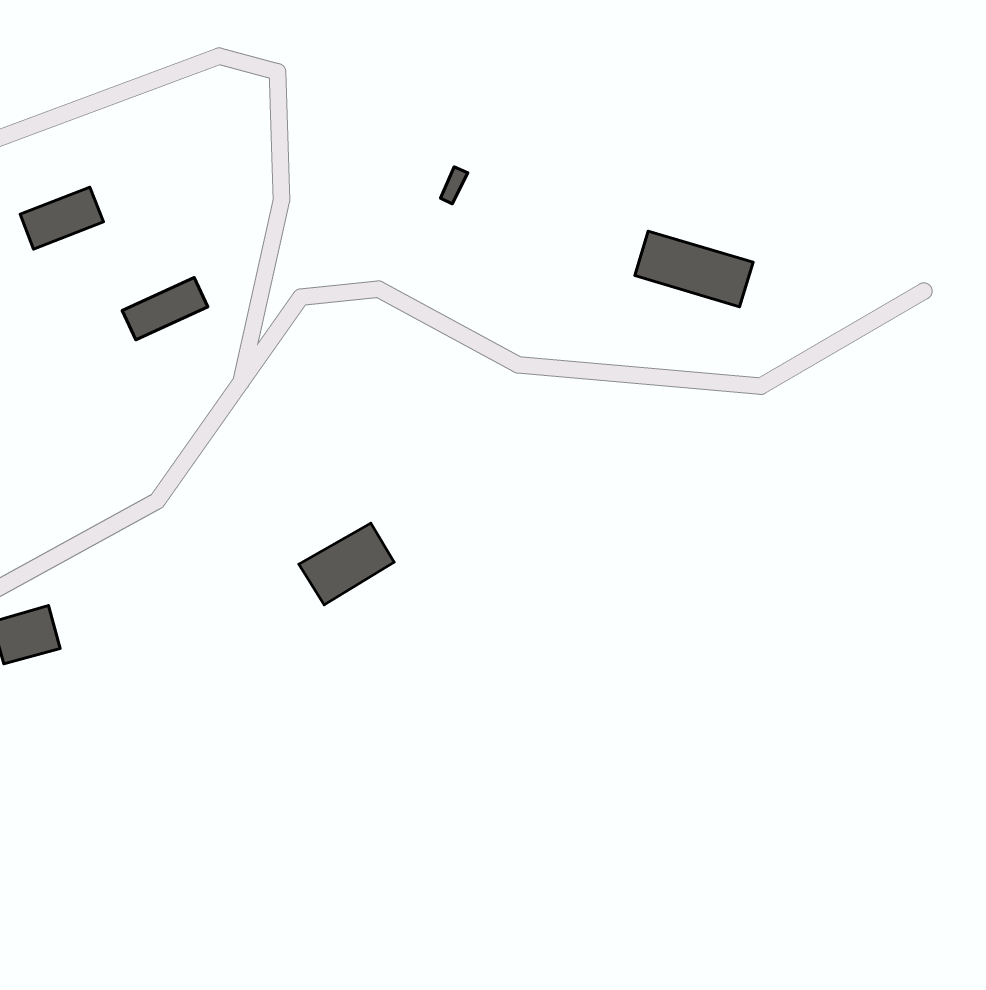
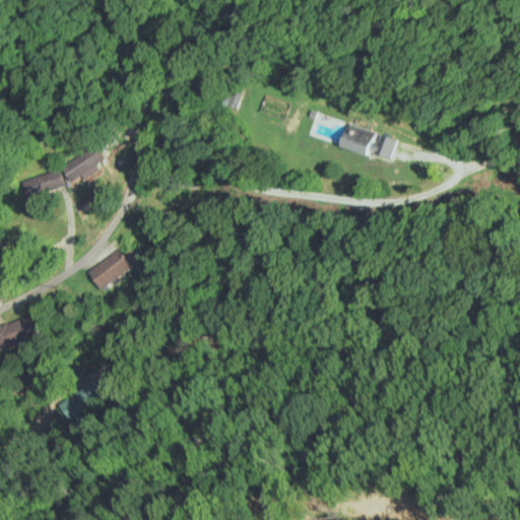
building: [20,187,103,249] -> [20,167,64,199]
building: [299,523,394,605] -> [85,249,135,291]

